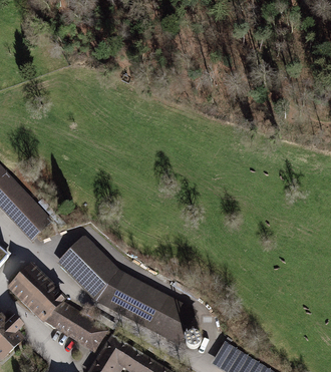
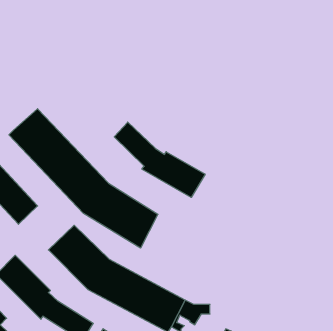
building: none -> [9,109,158,248]
building: none -> [114,122,205,197]

